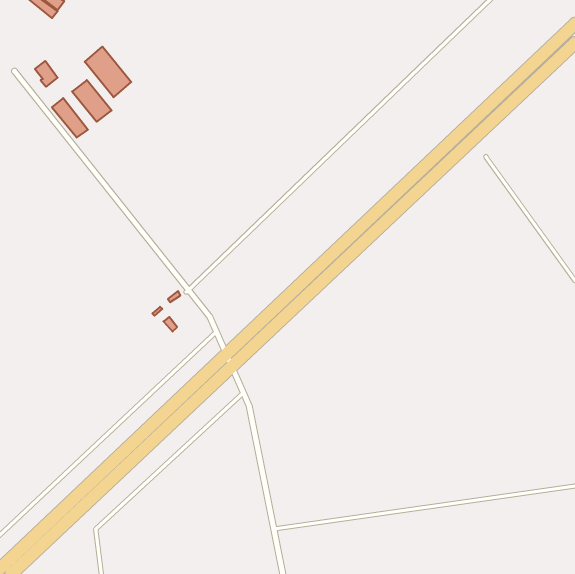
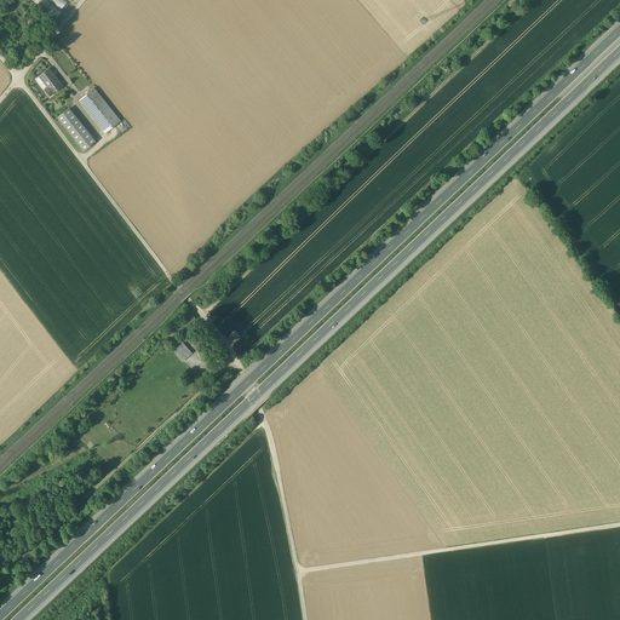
building: [85,47,131,97] -> none

